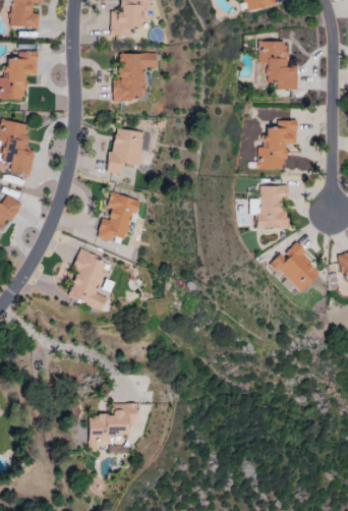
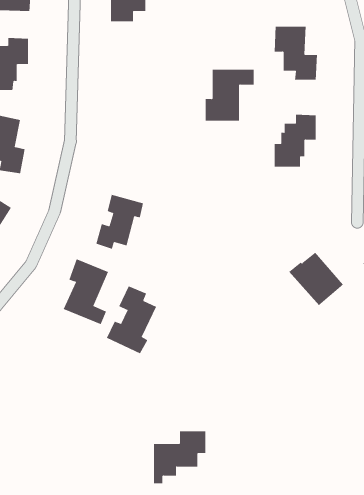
building: [113,54,158,101] -> [205,69,255,121]
building: [107,128,144,174] -> none
building: [250,185,289,229] -> none
building: none -> [106,286,157,354]
building: [90,404,137,452] -> [153,431,206,484]

